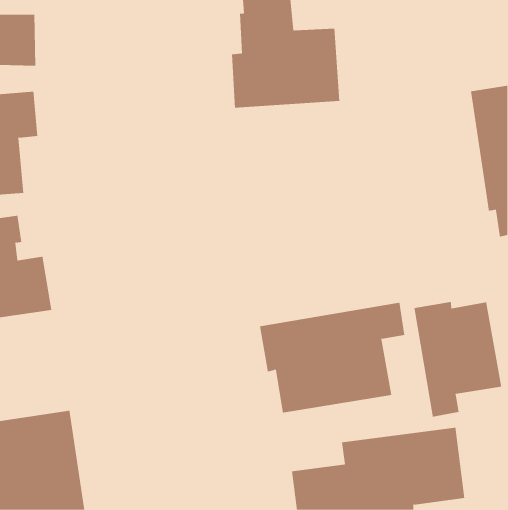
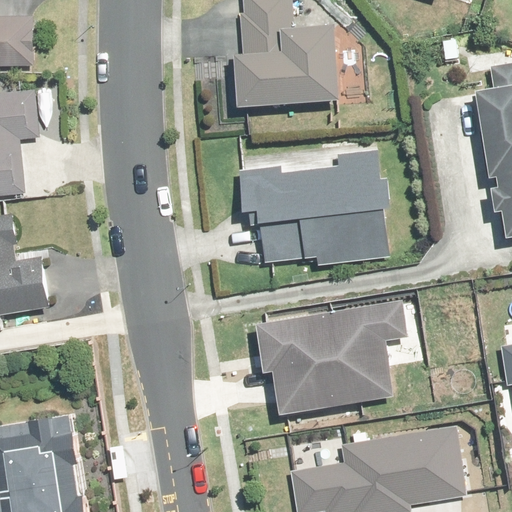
building: none -> [243,142,393,268]
building: [414,301,502,418] -> none

